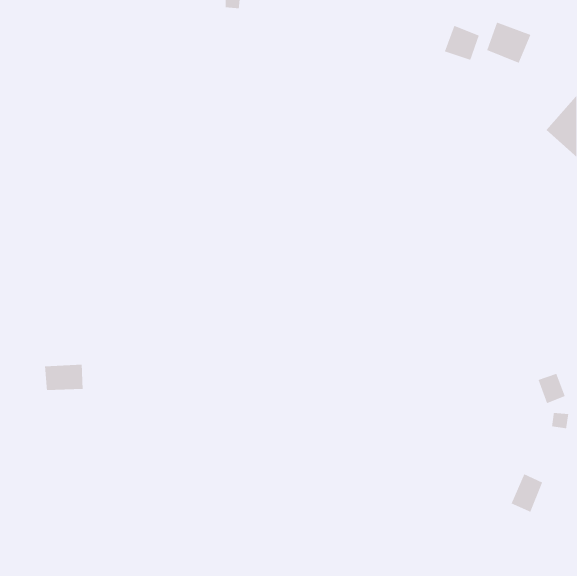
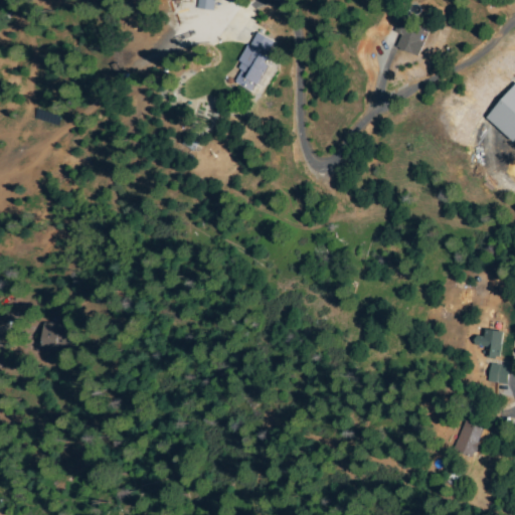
building: [486,21,531,64] -> none
building: none -> [239,35,274,90]

